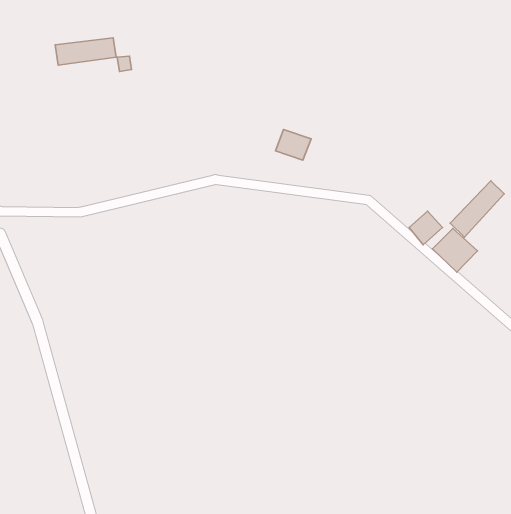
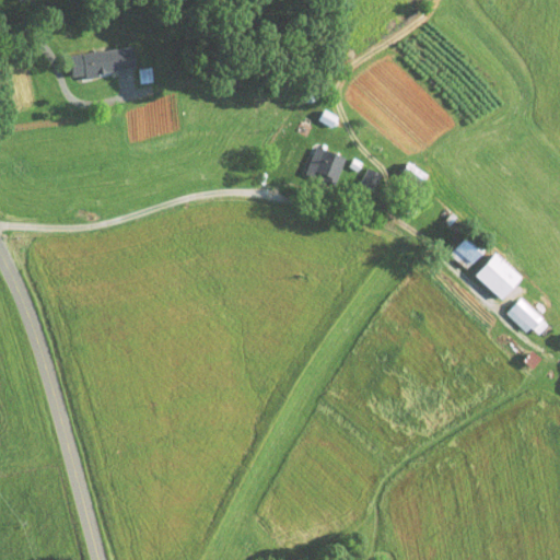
building: [450,181,504,237] -> none
building: none -> [504,298,547,335]

